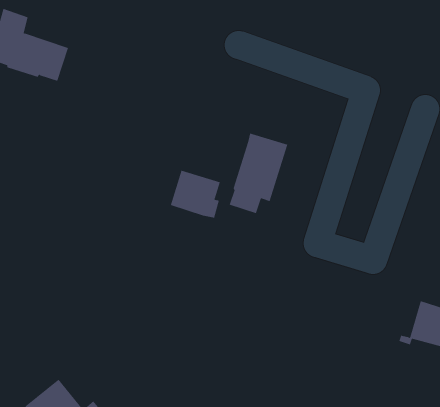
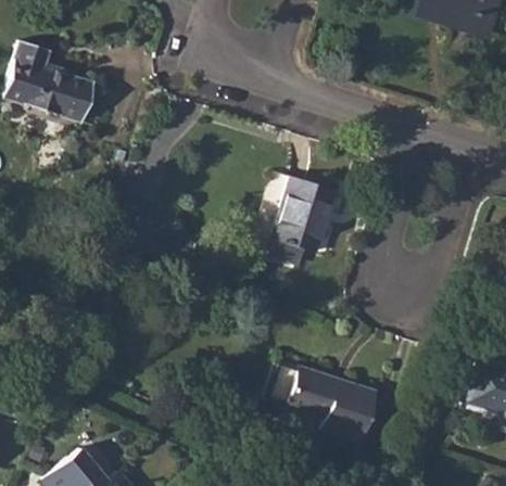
building: [170,170,220,218] -> none
building: none -> [266,361,377,440]

